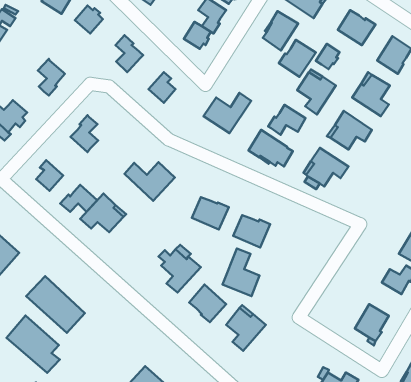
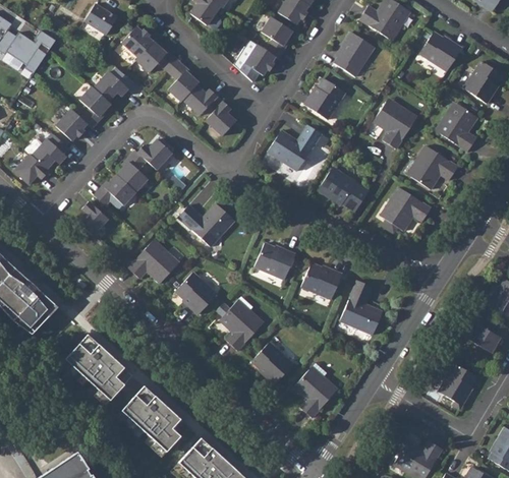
building: none -> [135,42,177,72]
building: [279,40,316,77] -> [303,78,345,120]
building: [316,44,339,69] -> none
building: none -> [93,71,128,102]
building: none -> [182,85,217,116]
building: none -> [55,109,87,140]
building: [268,105,306,135] -> none
building: none -> [137,139,172,170]
building: [60,185,97,212] -> [94,175,135,205]
building: none -> [175,273,217,315]
building: [223,249,259,296] -> [340,281,382,335]
building: [7,315,60,373] -> [122,382,182,447]

